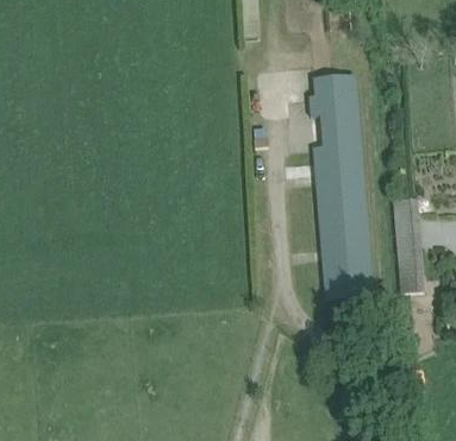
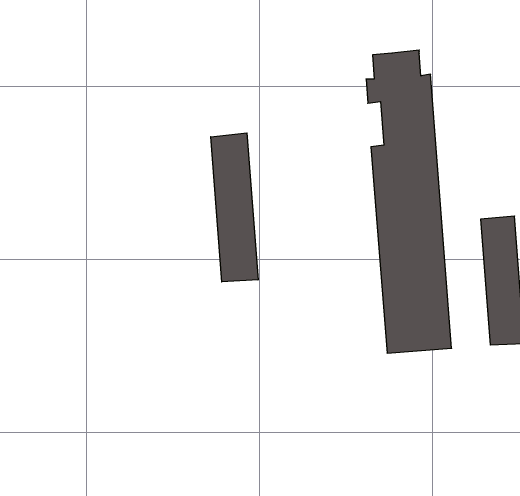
building: none -> [211,133,258,282]

